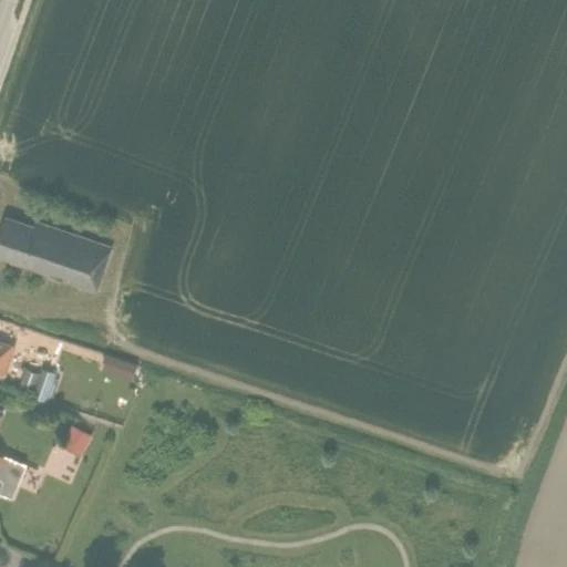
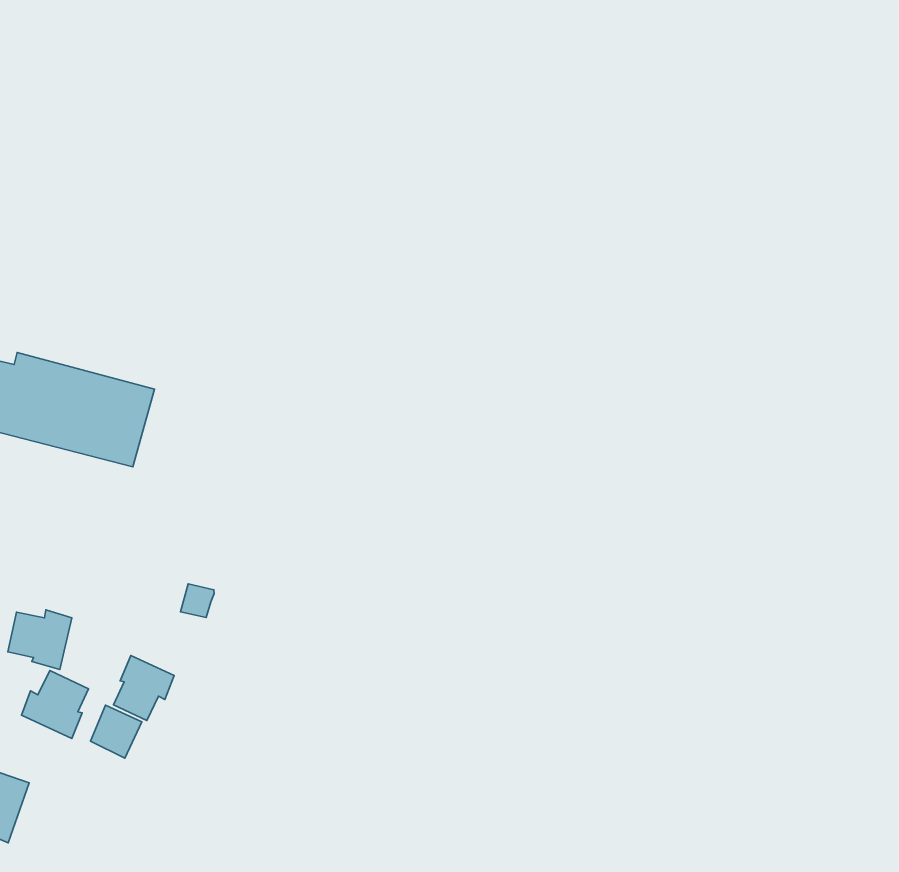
building: none -> [113,655,174,721]
building: none -> [21,671,88,739]

